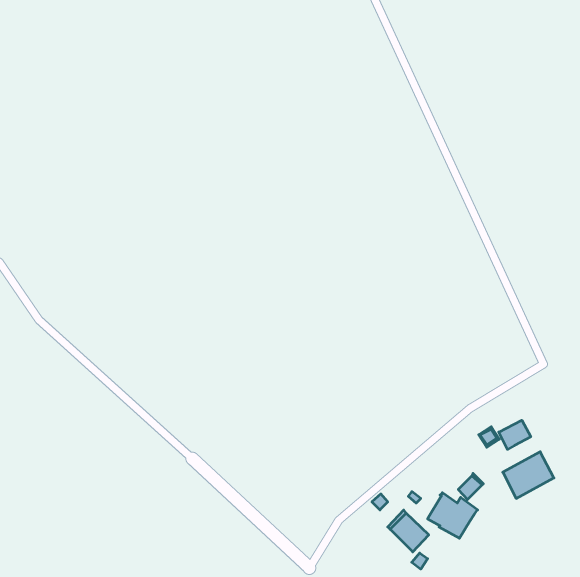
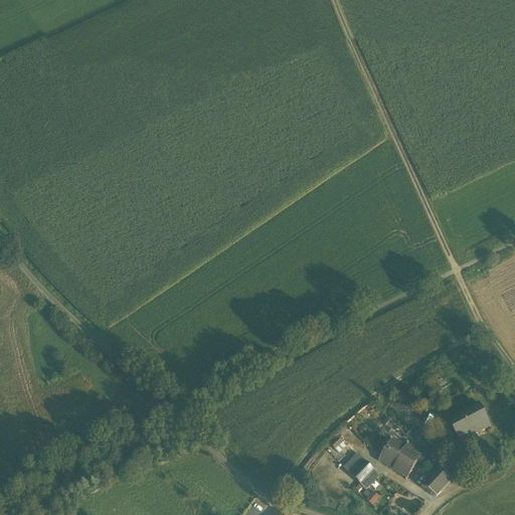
building: [499,420,531,449] -> none
building: none -> [420,465,452,494]

